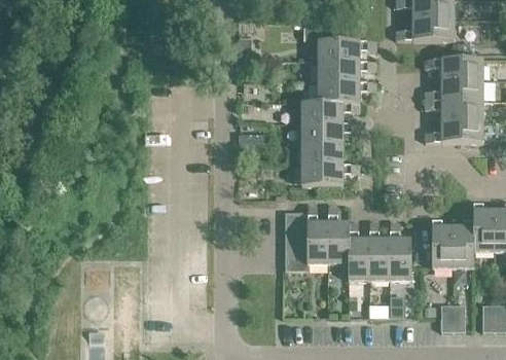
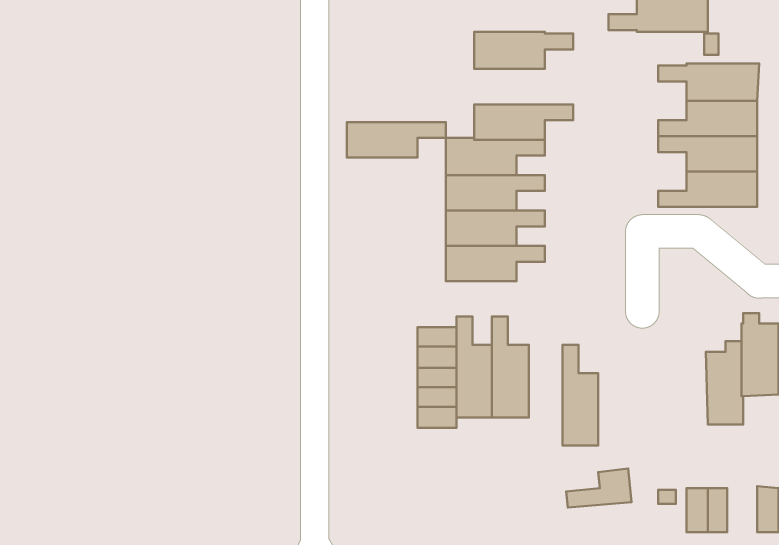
building: [317,61,374,81] -> [347,122,446,157]
building: [431,219,453,267] -> none
building: [348,221,368,280] -> none
building: [389,221,410,280] -> none

